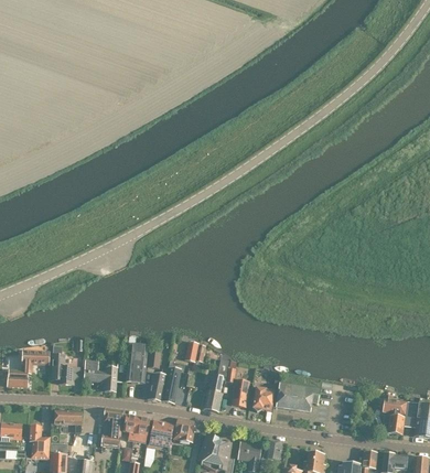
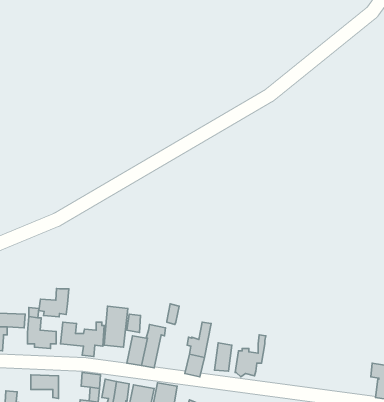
building: none -> [39,288,69,317]
building: [272,376,320,411] -> none

